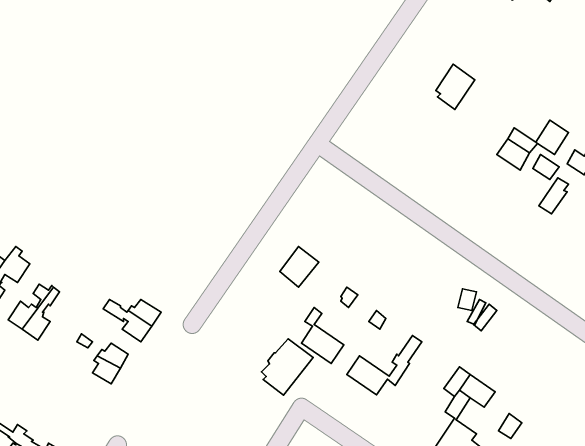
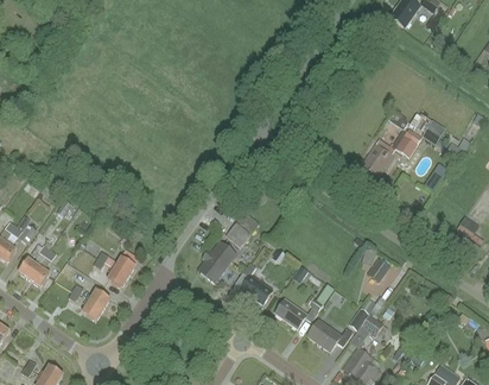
building: [436,64,475,109] -> [361,143,390,177]
building: [262,339,313,395] -> [201,240,240,283]
building: none -> [309,318,354,351]

